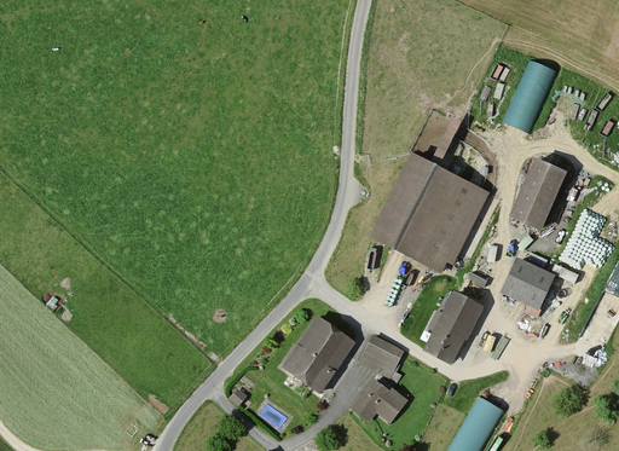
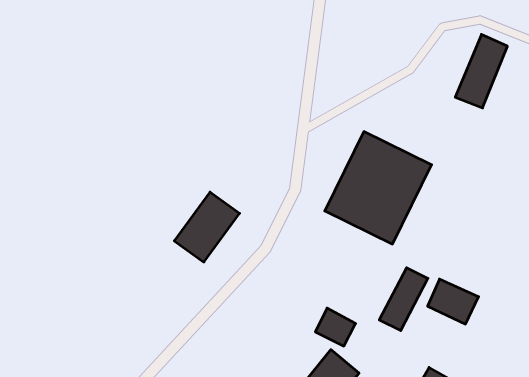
building: [513,162,563,226] -> none
building: [501,264,553,310] -> [428,279,479,324]
building: [285,318,352,389] -> [174,192,240,262]

